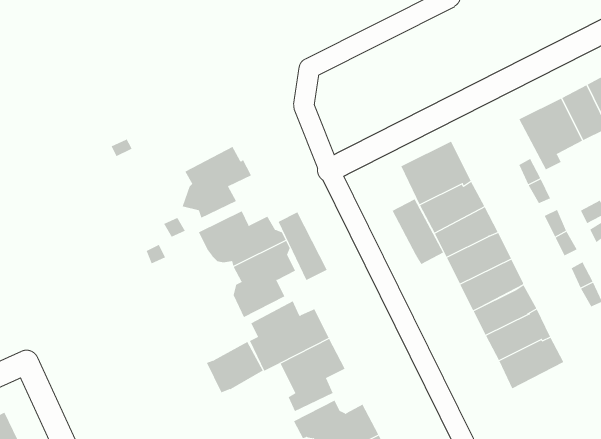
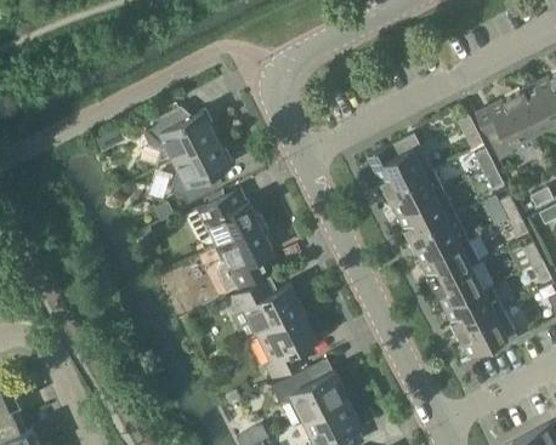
building: none -> [144,108,216,162]
building: [392,199,444,265] -> none
building: [278,212,327,281] -> none
building: [206,341,263,393] -> none

